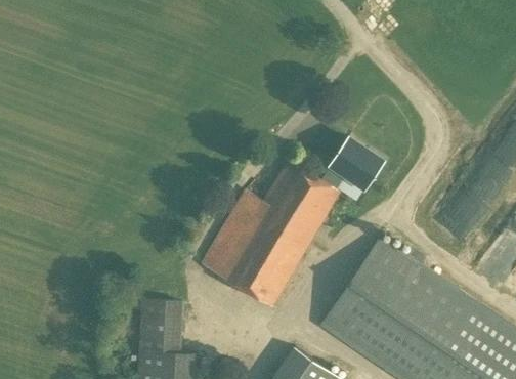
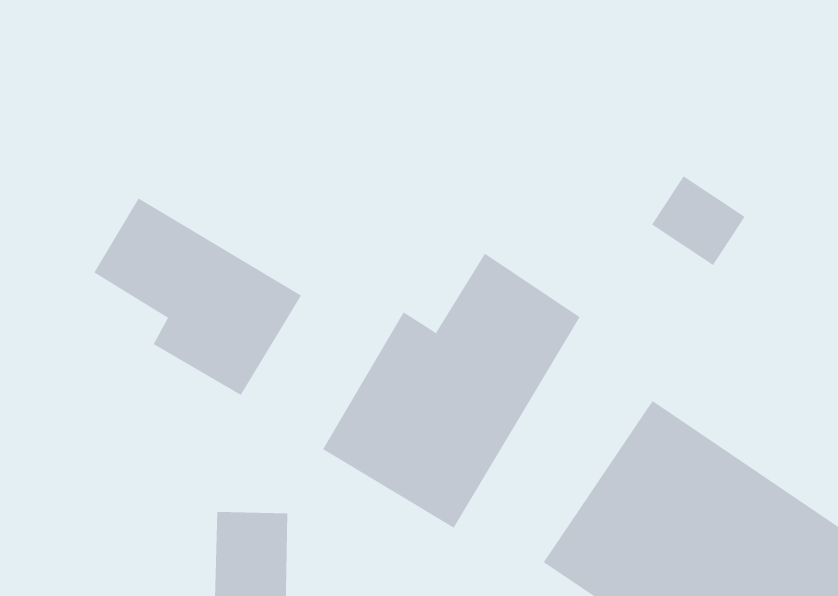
building: none -> [93,197,302,396]
building: [332,139,383,188] -> [651,175,745,266]

